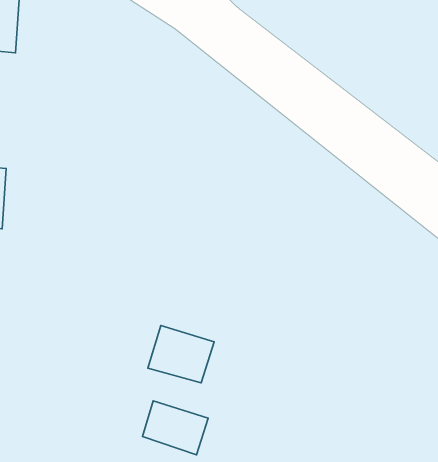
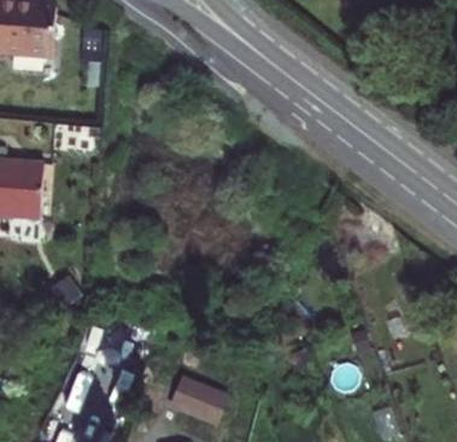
building: [148,325,214,383] -> none

